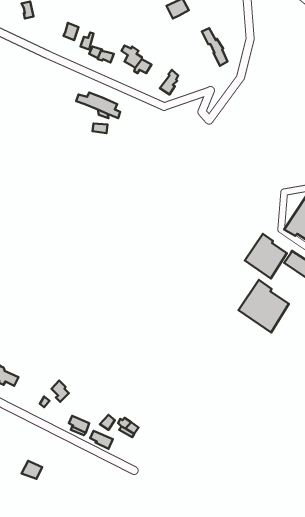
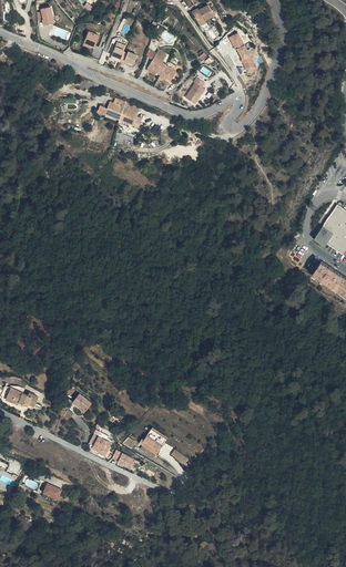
building: [245,234,287,278] -> none
building: [238,280,289,332] -> none

